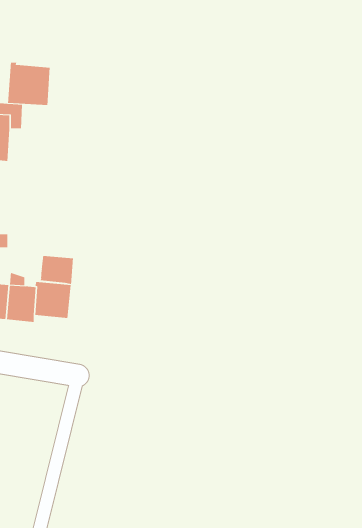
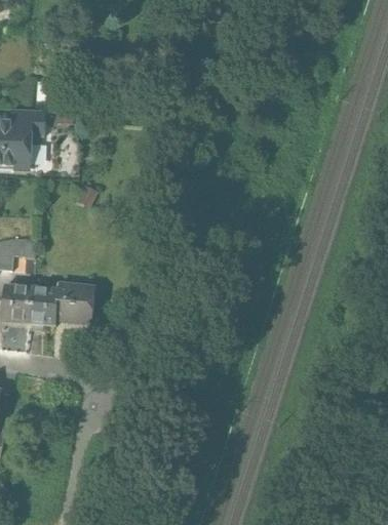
building: [8,62,50,106] -> none
building: [40,255,73,285] -> none

